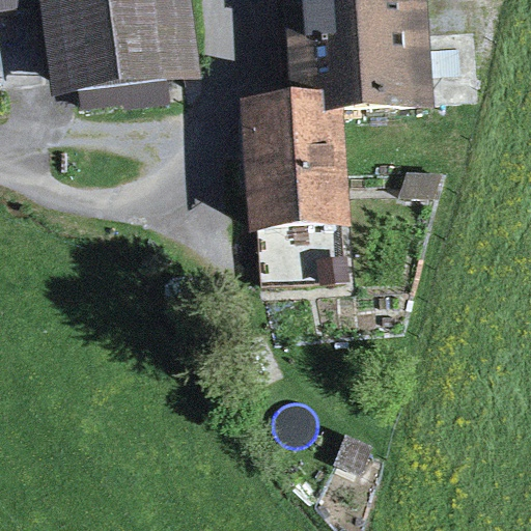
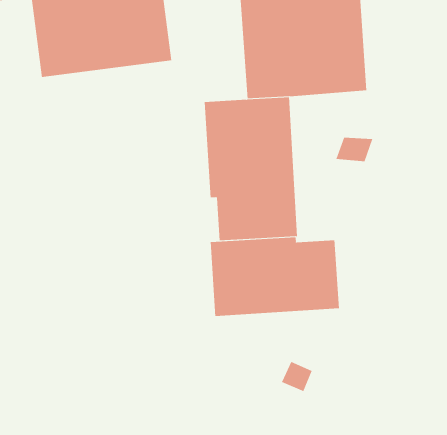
building: none -> [210,237,339,317]

